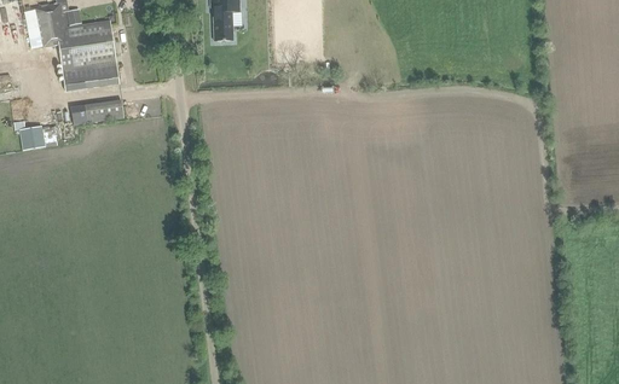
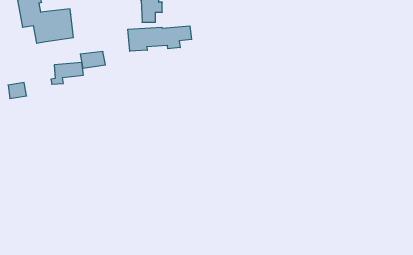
building: none -> [128,26,192,51]
building: [81,62,117,86] -> [80,52,105,68]

